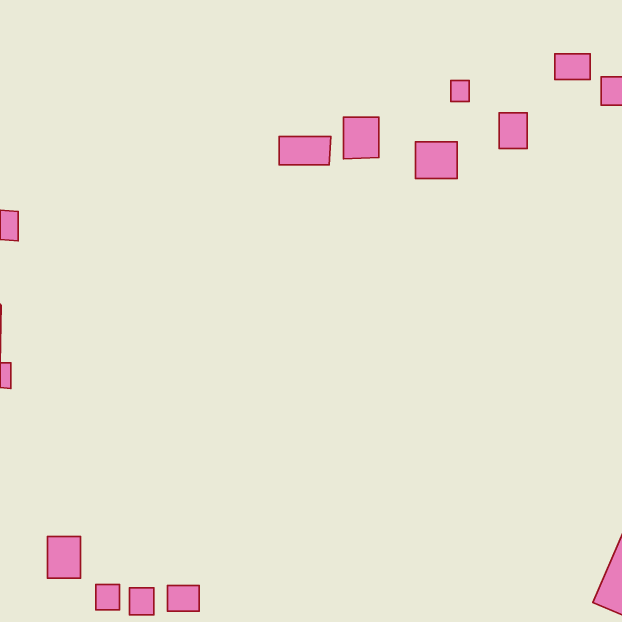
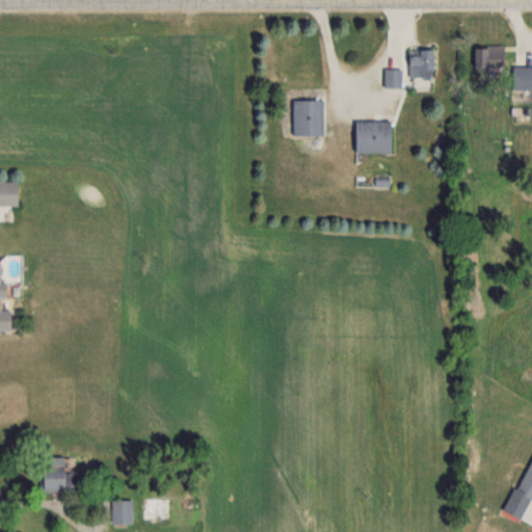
building: [499,113,527,148] -> [409,50,433,80]
building: [279,137,331,165] -> none
building: [96,584,119,610] -> none

